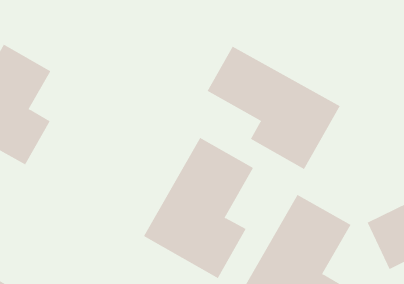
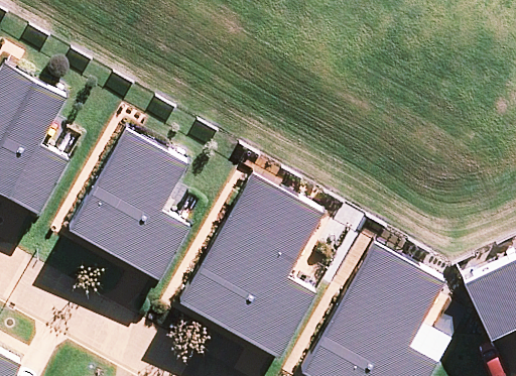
building: [207,46,341,170] -> none
building: none -> [71,127,189,279]

